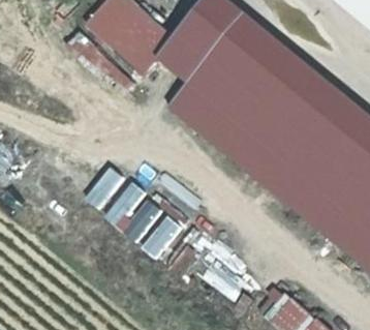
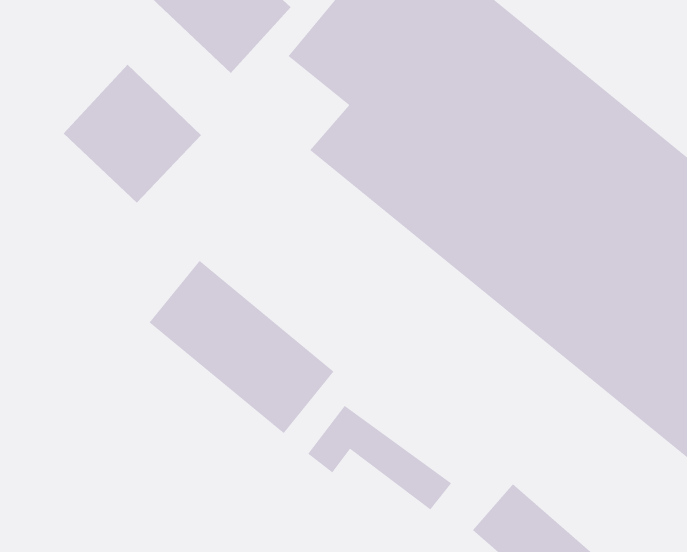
building: none -> [63,64,202,203]

